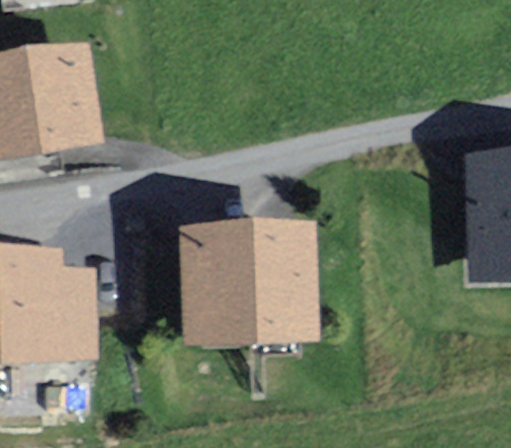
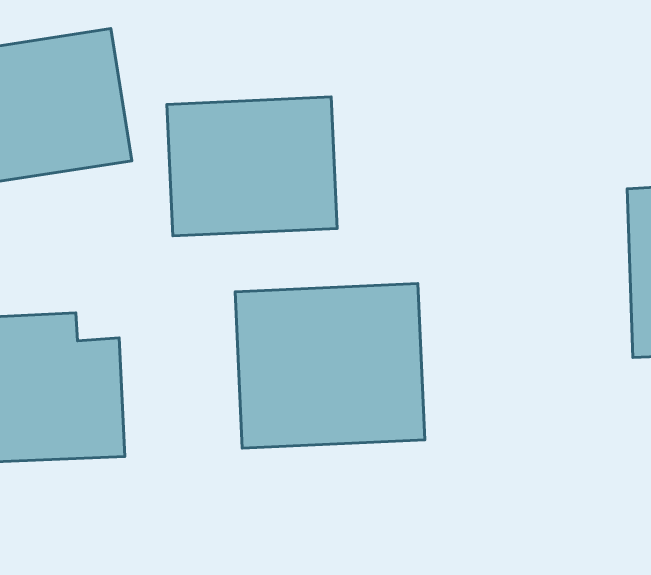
building: none -> [167,97,337,236]

